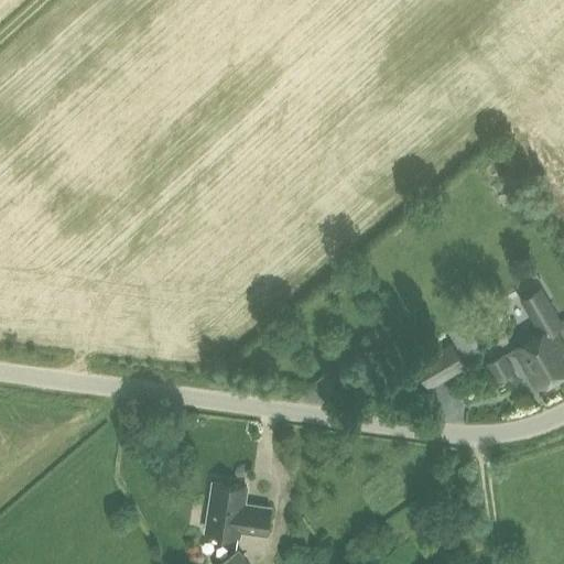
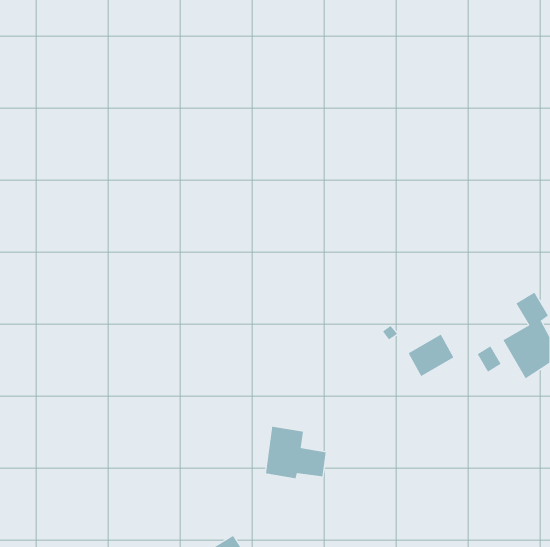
building: [206,486,269,540] -> [265,426,326,479]

